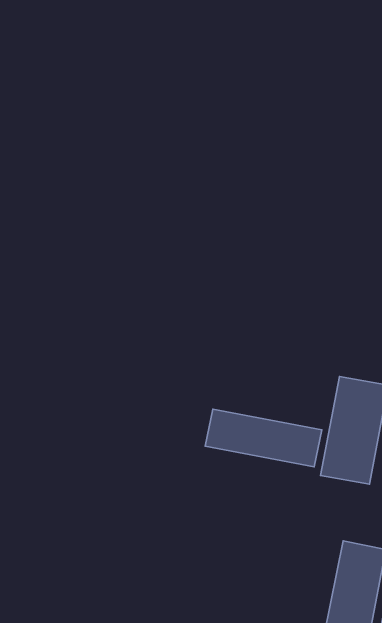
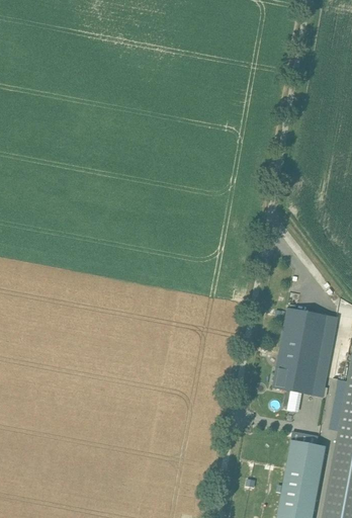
building: [205,409,322,467] -> none

